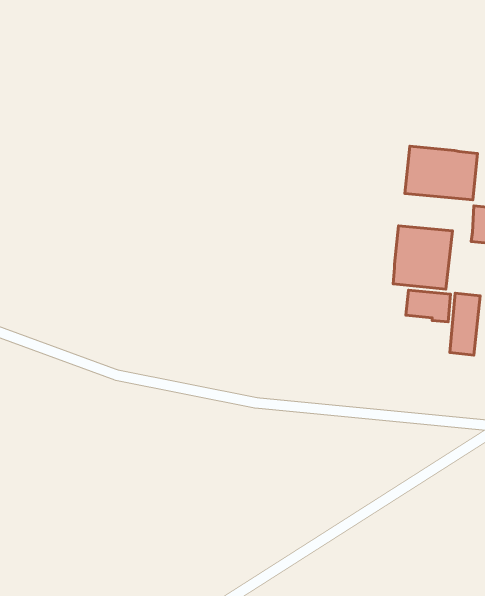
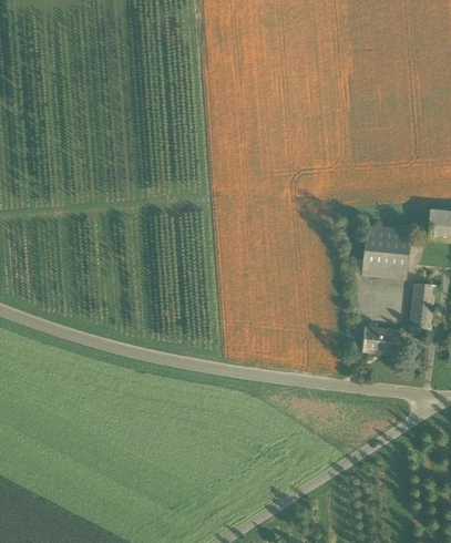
building: [405,146,478,200] -> none
building: [406,290,451,322] -> [362,327,400,354]

